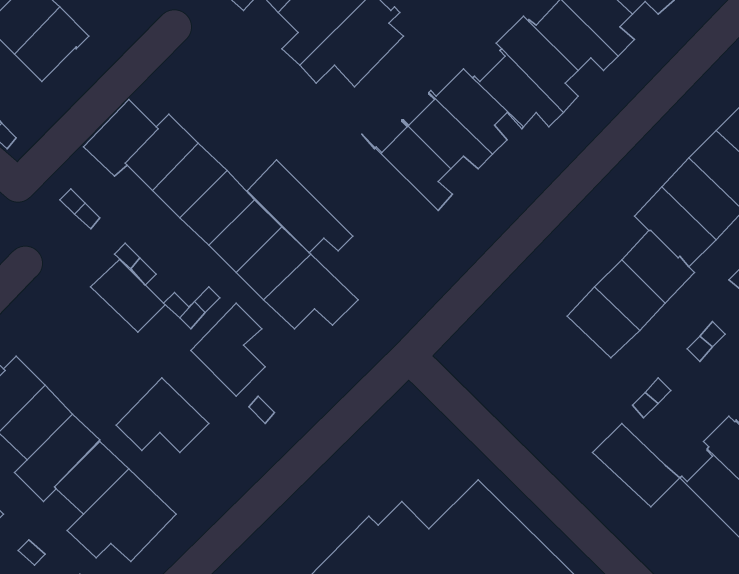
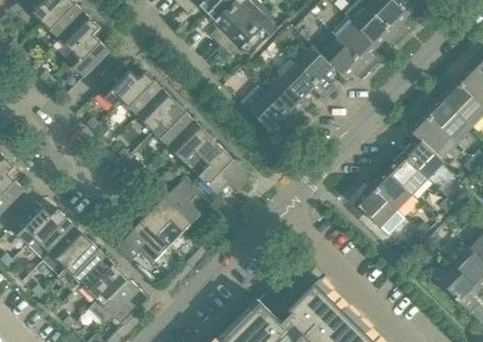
building: none -> [65,34,108,77]
building: [247,160,353,253] -> [237,83,297,136]
building: [91,259,165,332] -> [140,206,182,247]
building: [593,423,680,507] -> [353,186,403,234]

